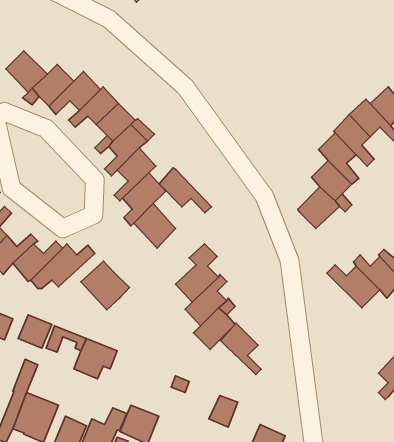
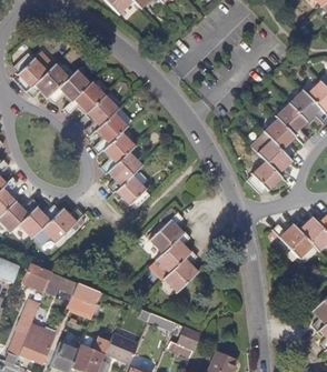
building: [159,168,211,213] -> none
building: [81,261,130,310] -> none
building: [220,323,261,374] -> none

